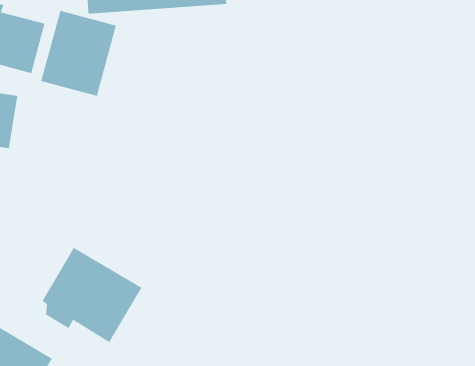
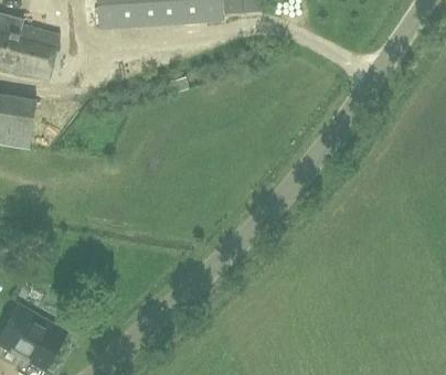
building: [40,10,117,97] -> none
building: [41,247,142,343] -> none

